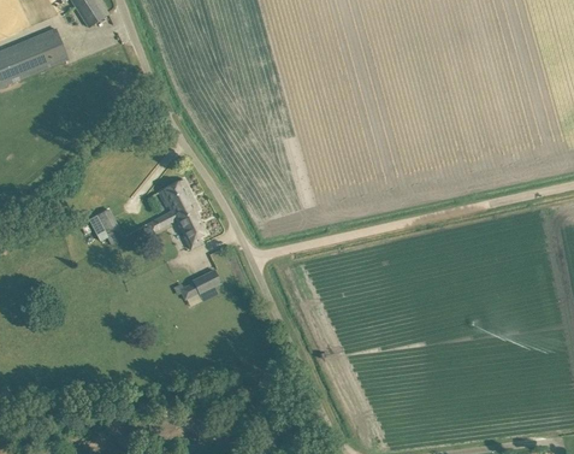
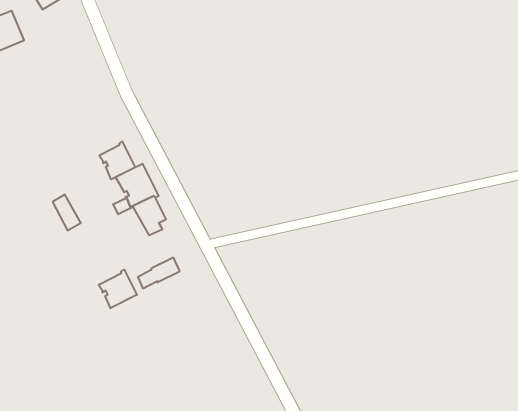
building: none -> [99,141,135,179]
building: none -> [99,270,137,308]

